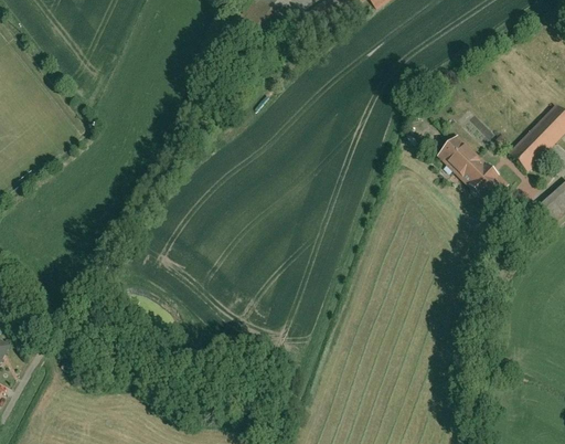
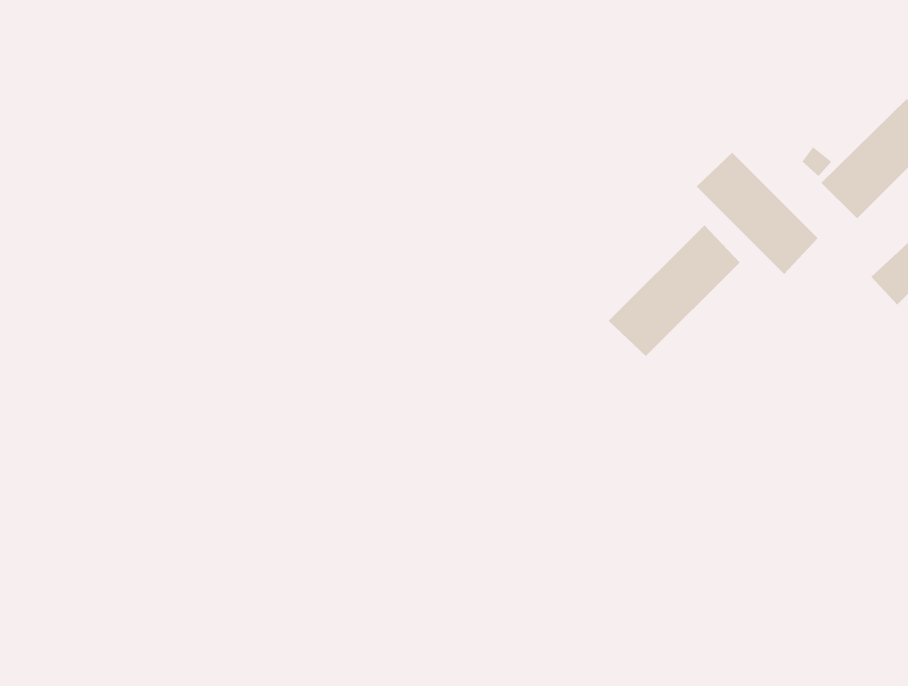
building: none -> [608,224,740,357]

